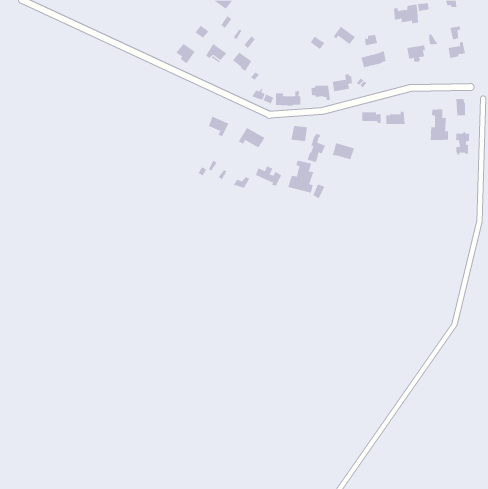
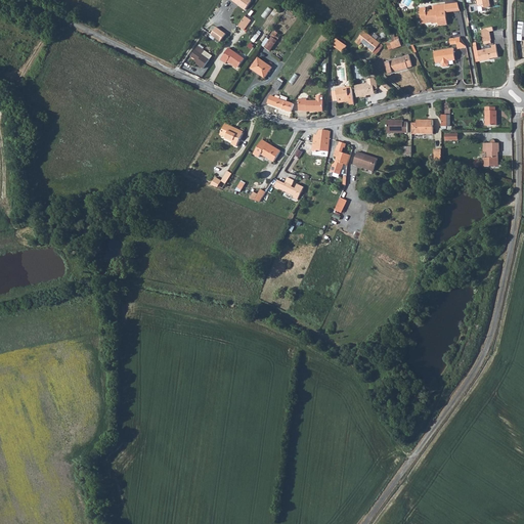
building: [430,109,448,141] -> none
building: [287,160,314,193] -> none

